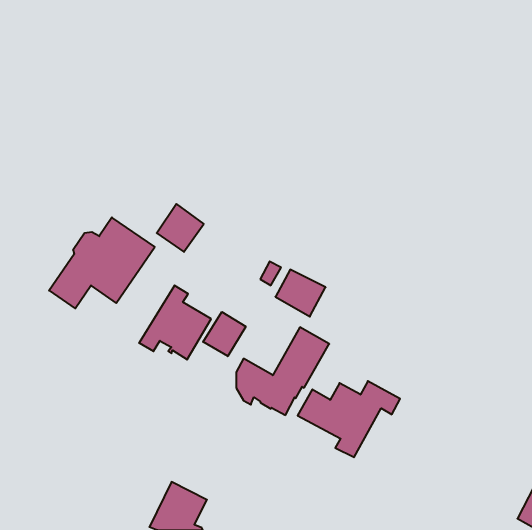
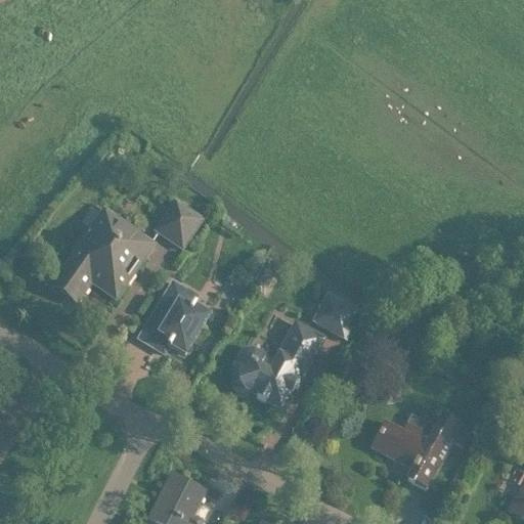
building: [275,270,326,317] -> [314,293,363,339]
building: [203,312,246,356] -> none
building: [298,381,400,457] -> [372,411,472,486]

